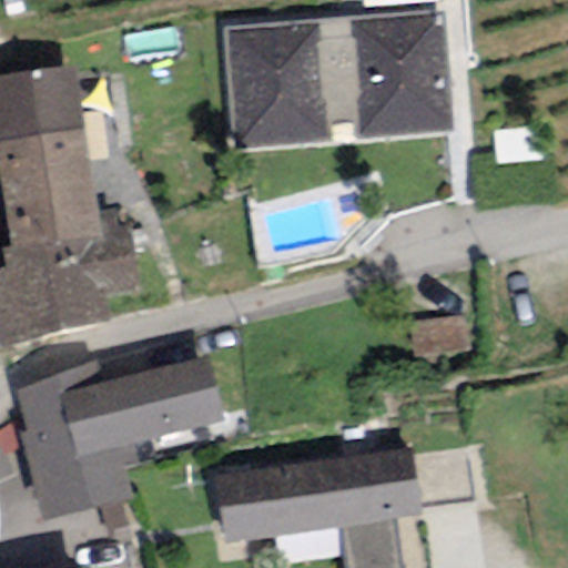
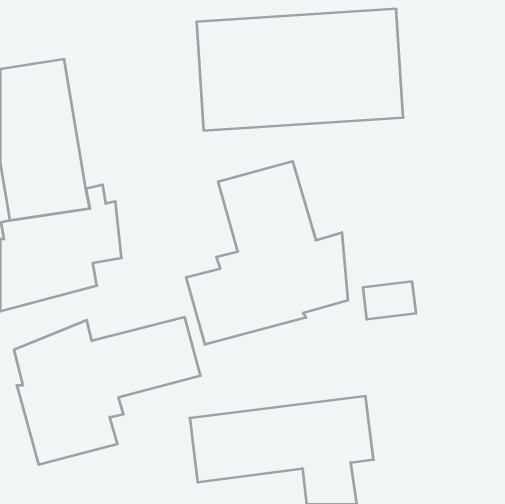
building: none -> [186,161,348,345]

